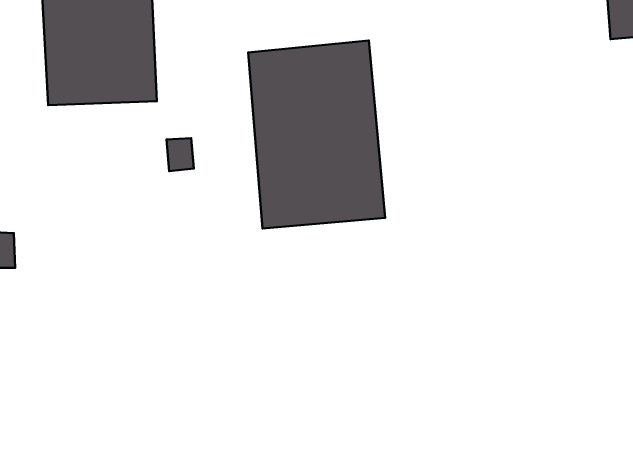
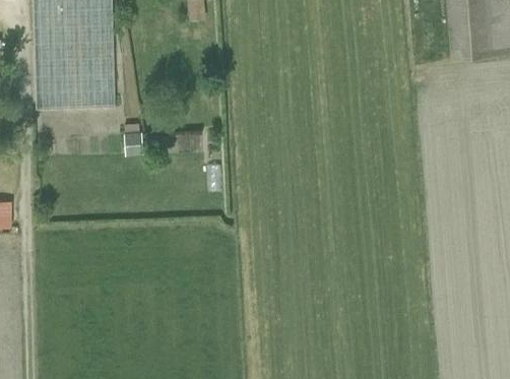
building: [248,40,385,229] -> none

